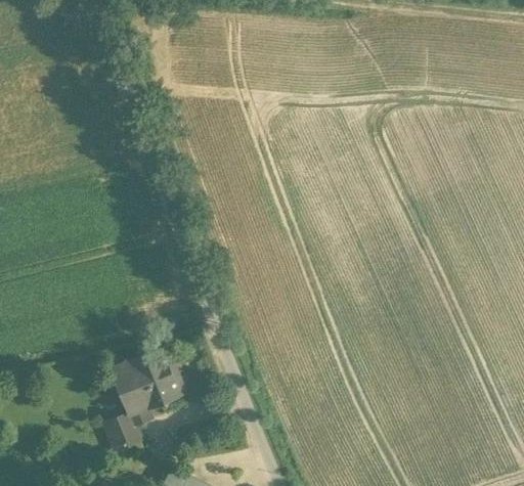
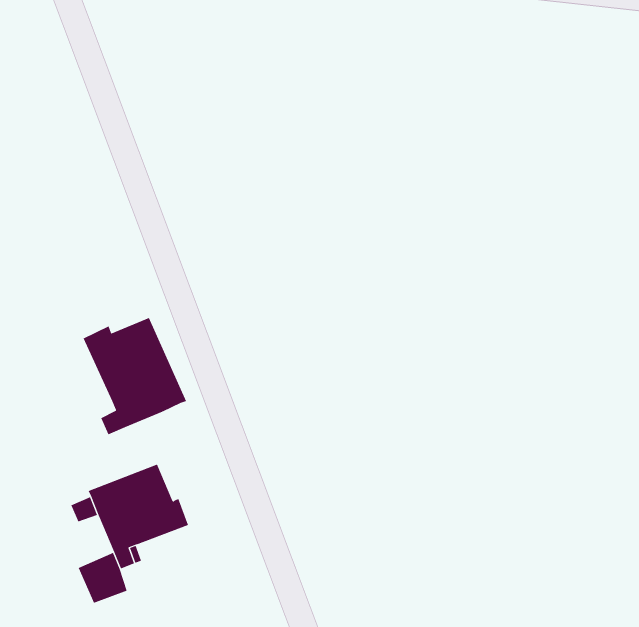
building: none -> [83,317,187,435]

